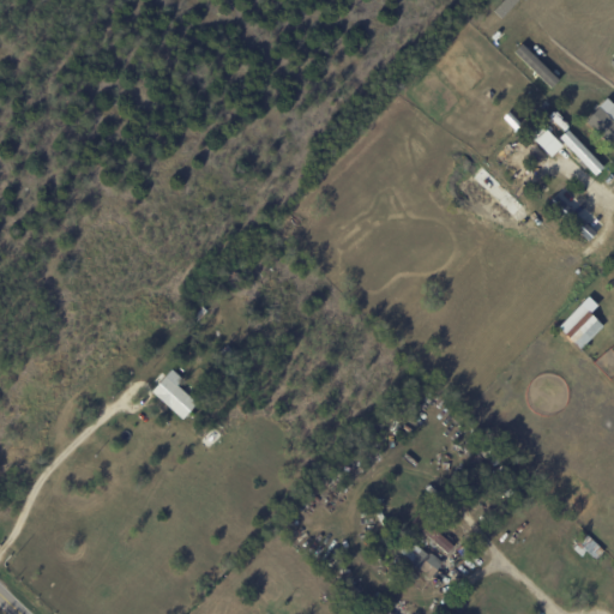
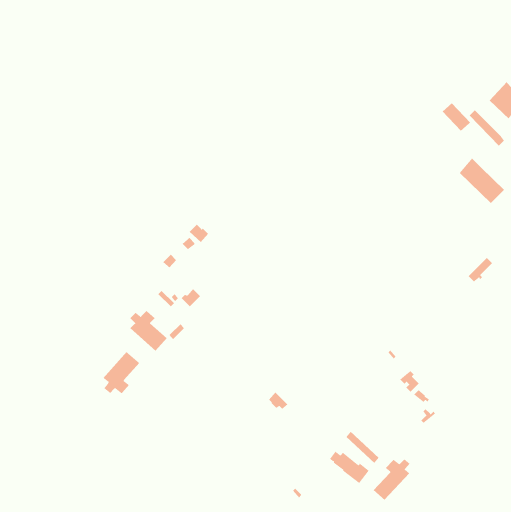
building: none -> [102,351,140,394]
building: none -> [373,459,410,501]

